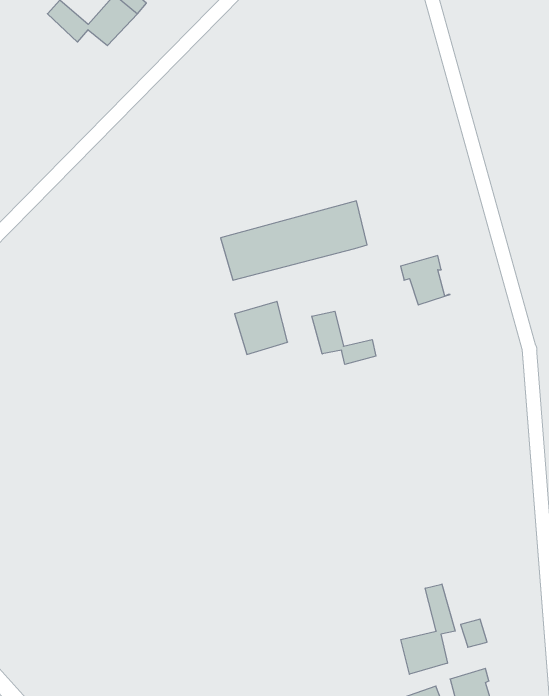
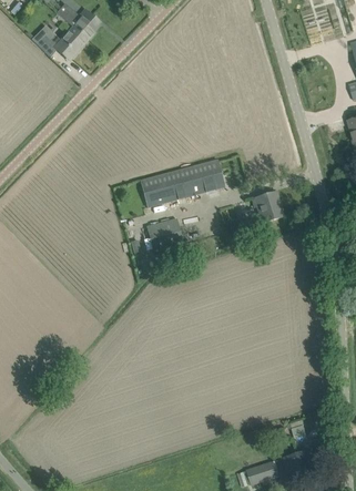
building: [312,311,376,364] -> none
building: [401,584,455,674] -> none

